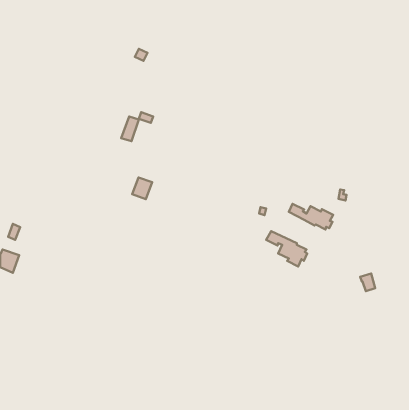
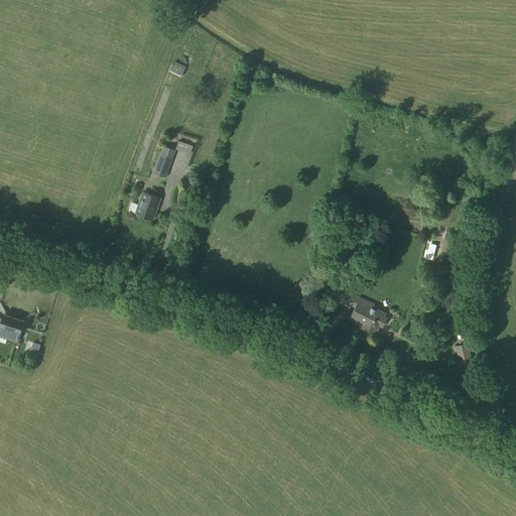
building: [132,177,152,199] -> [136,192,161,220]
building: [289,204,333,229] -> none

